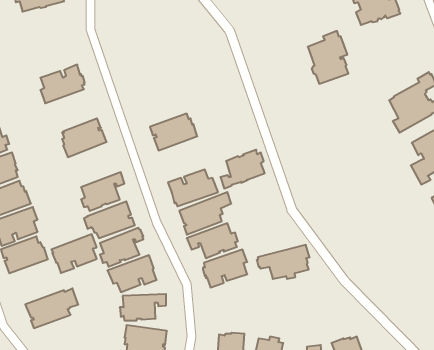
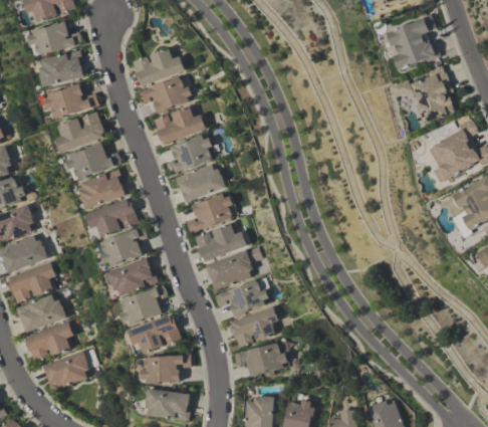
building: none -> [132,46,184,85]
building: none -> [39,49,85,85]
building: [308,31,348,84] -> [411,66,454,123]
building: none -> [138,76,191,113]
building: none -> [44,82,98,119]
building: none -> [153,105,205,144]
building: none -> [165,134,211,174]
building: none -> [66,142,120,180]
building: none -> [86,197,138,236]
building: [220,150,265,188] -> [185,192,232,233]
building: [51,234,97,273] -> [24,322,72,363]
building: [257,245,310,279] -> [233,341,289,377]

